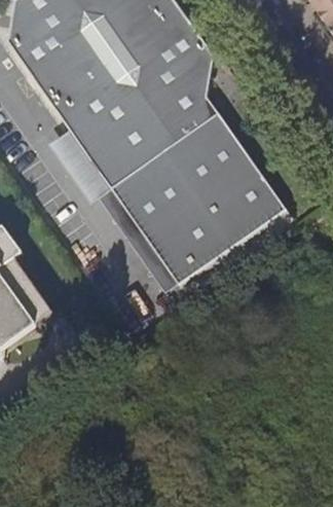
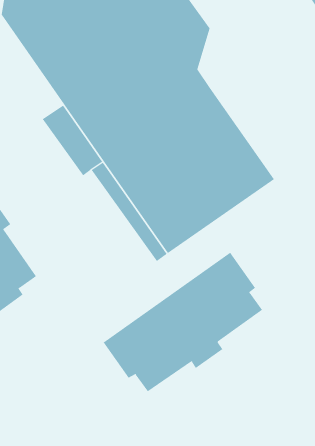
building: none -> [103,252,263,392]

